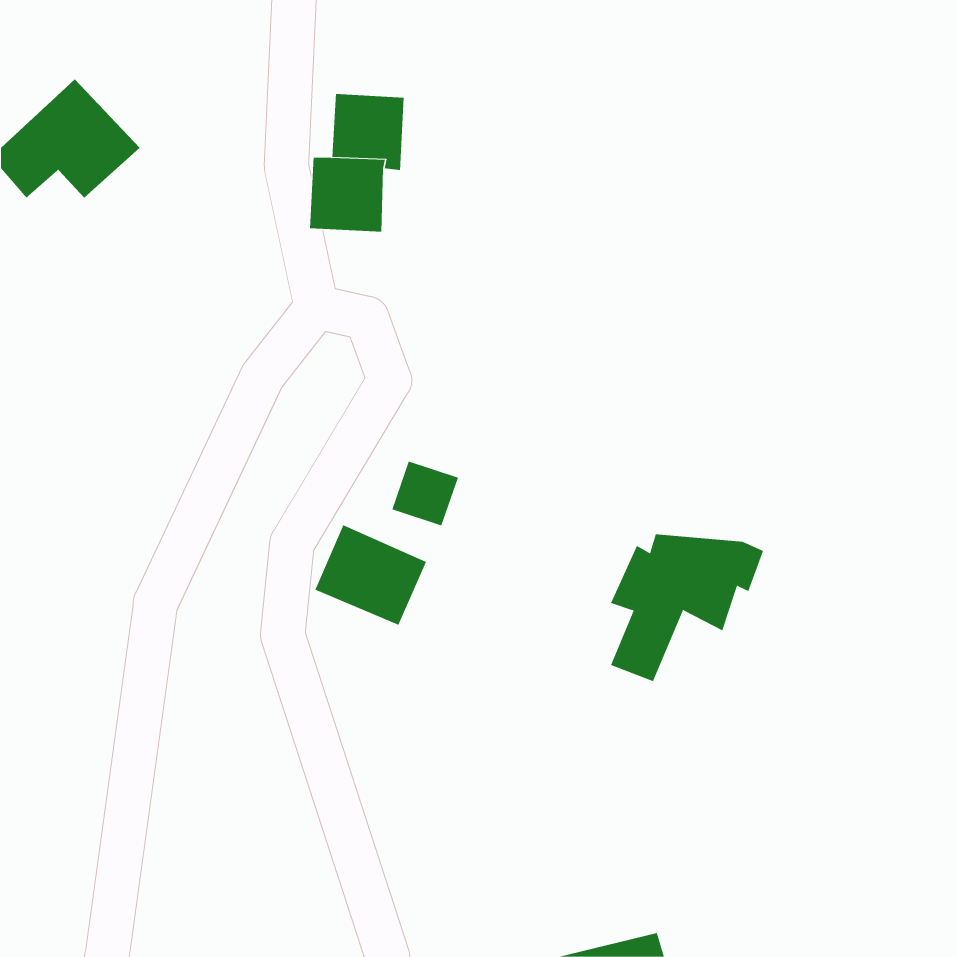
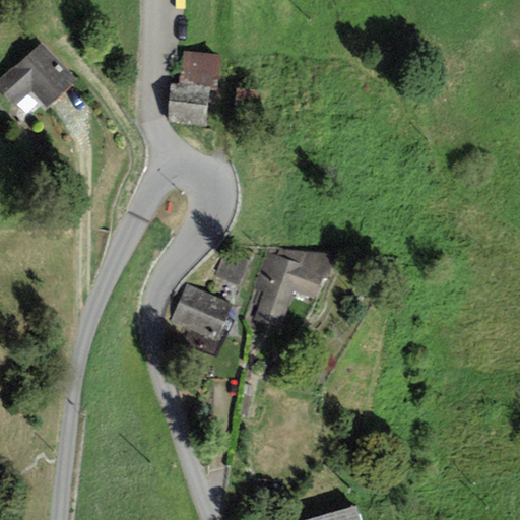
building: [610,534,764,682] -> [253,249,336,329]

